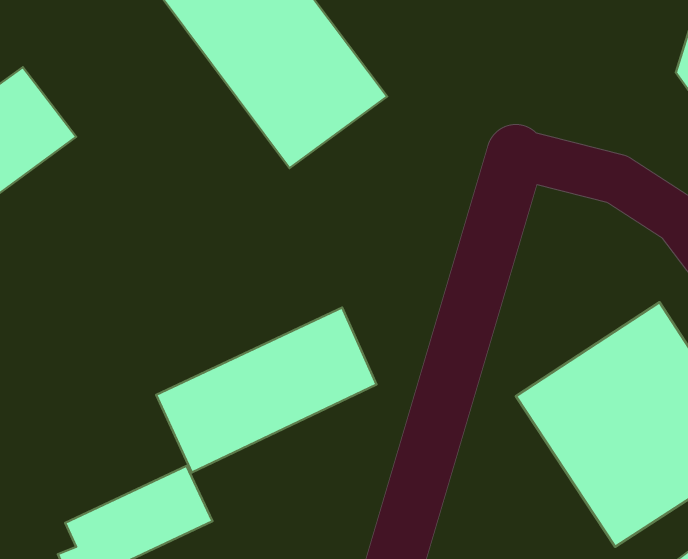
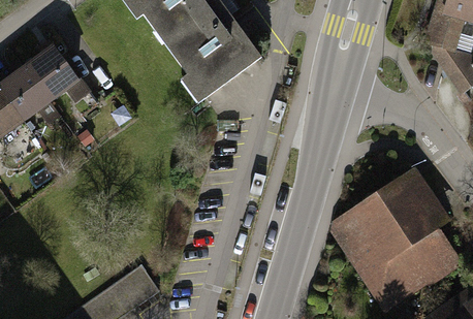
building: [156,307,376,473] -> none

